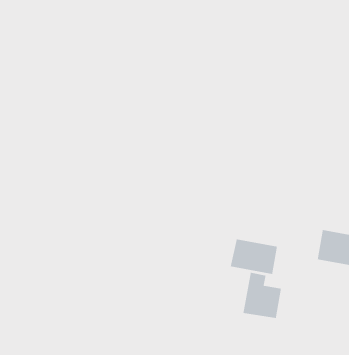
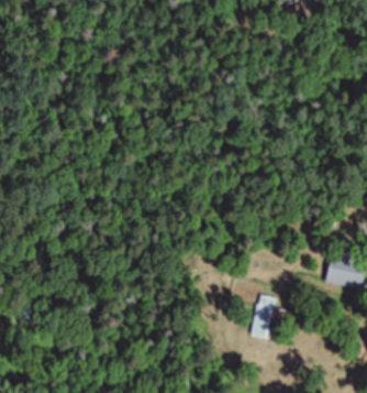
building: [230,239,278,275] -> none

